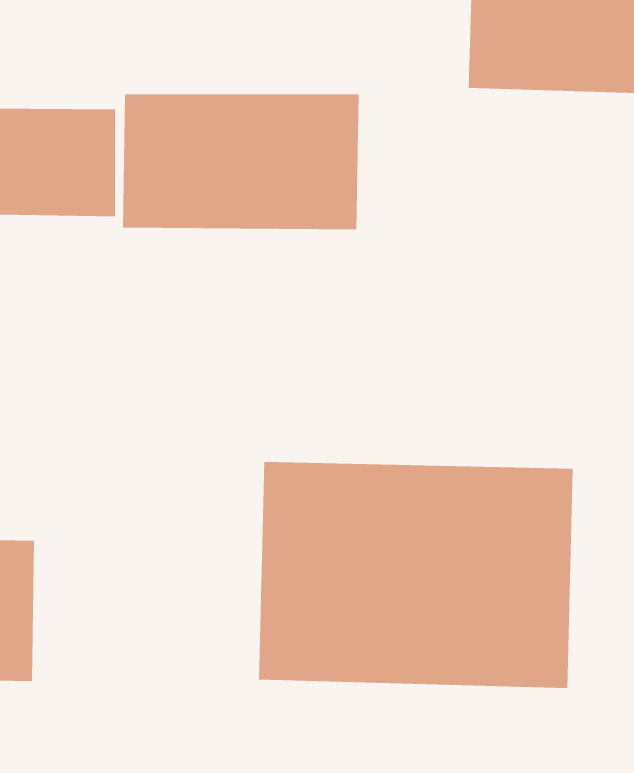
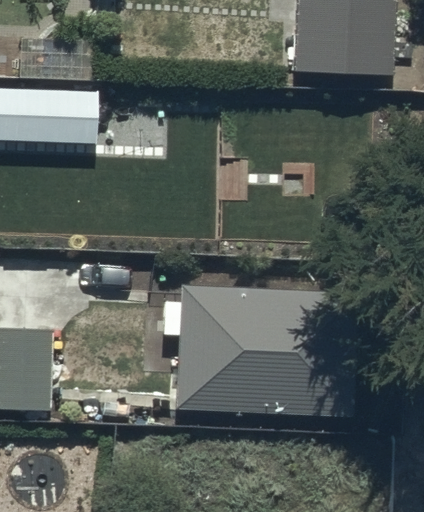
building: [122,94,359,230] -> none

